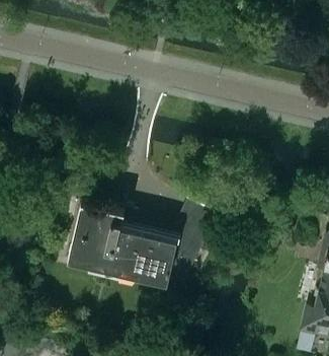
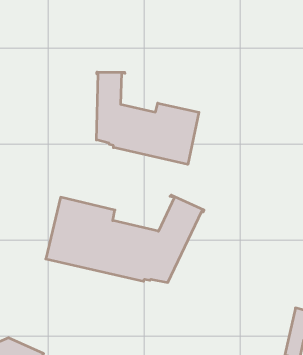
building: none -> [96,72,199,164]

